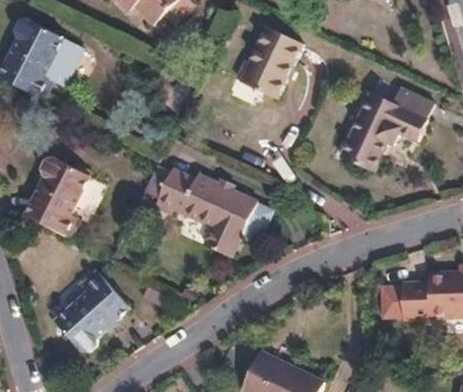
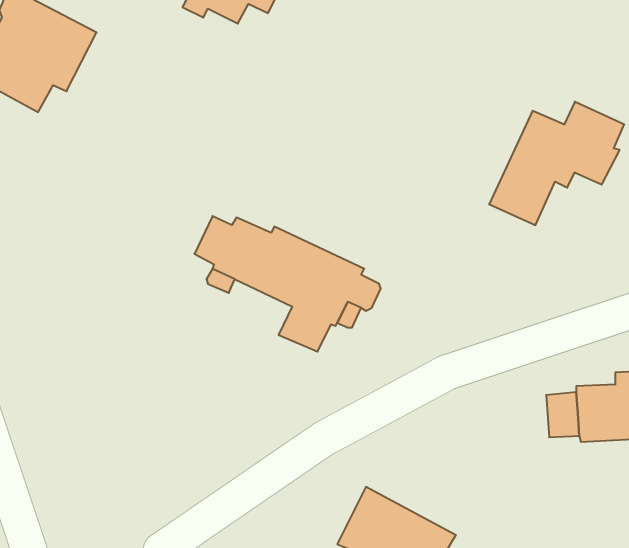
building: [243,27,303,96] -> none
building: [20,154,84,234] -> none
building: [58,272,132,353] -> none

